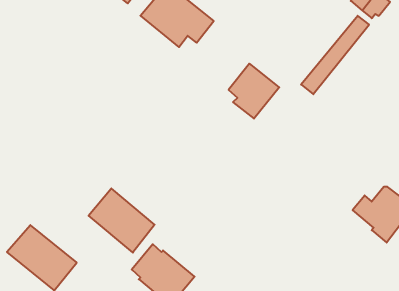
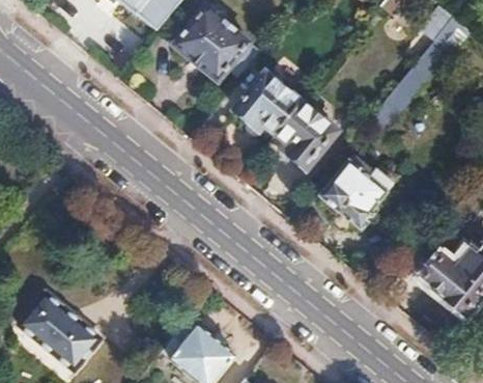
building: none -> [237,74,303,134]
building: none -> [320,155,394,230]
building: [89,188,155,253] -> none

